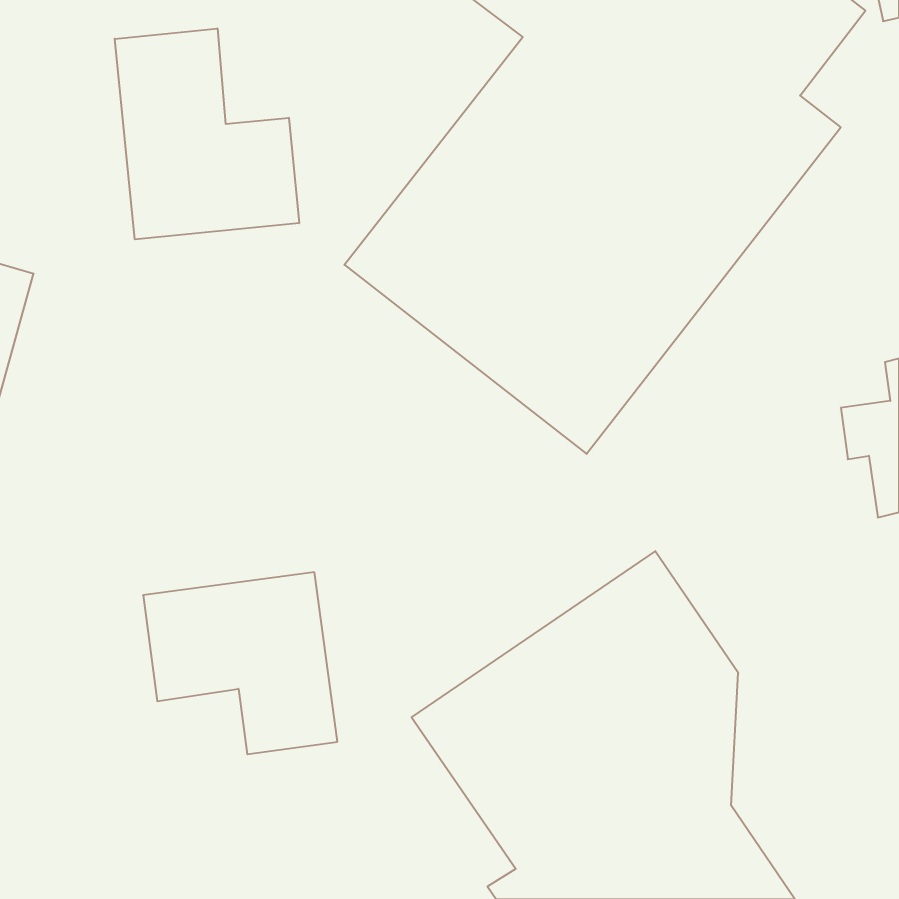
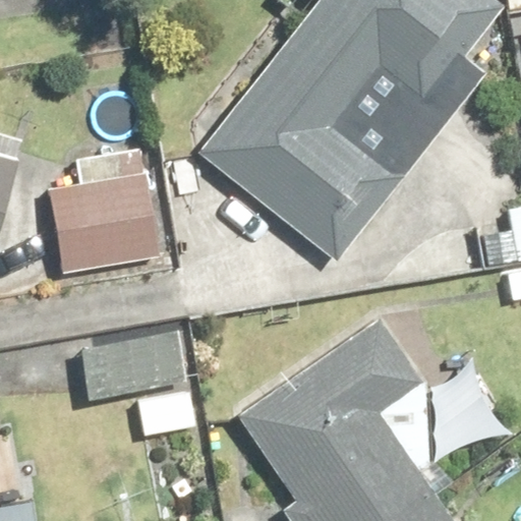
building: [115,28,299,239] -> none
building: none -> [49,179,158,269]

